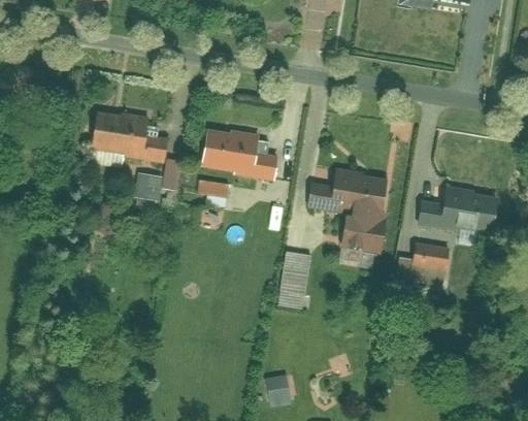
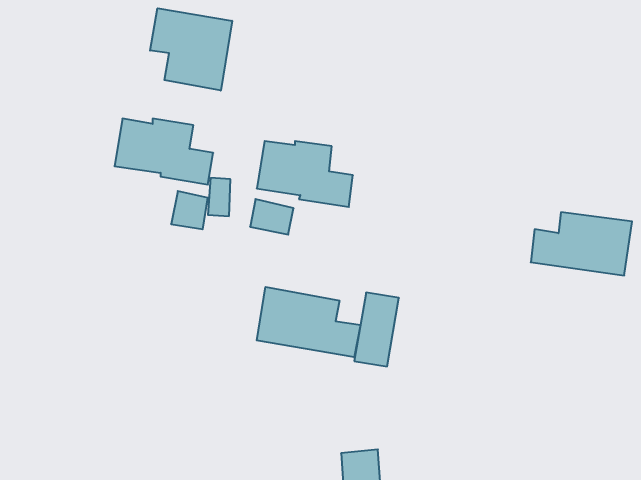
building: none -> [150,8,232,91]
building: [308,176,388,257] -> none
building: [411,237,451,269] -> none
building: none -> [257,287,360,357]

